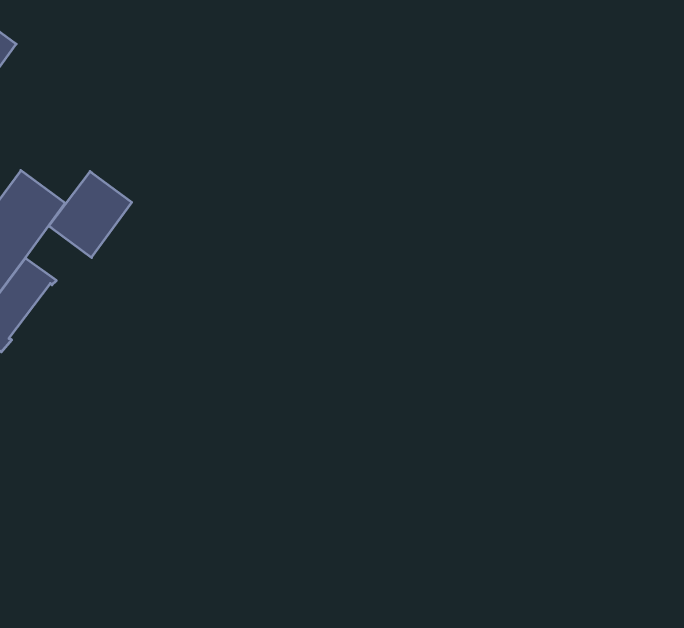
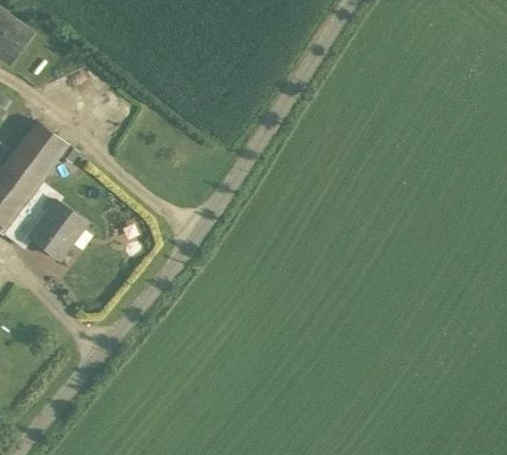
building: [48,171,132,258] -> [27,200,84,260]

